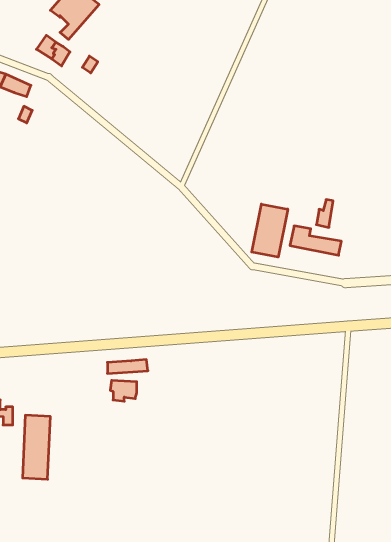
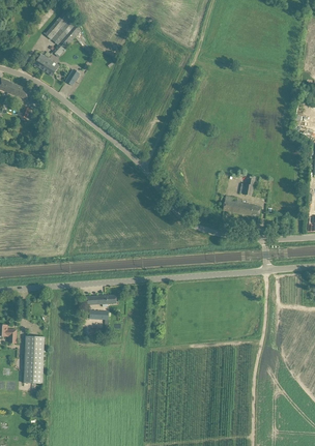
building: [252,204,288,257] -> none

